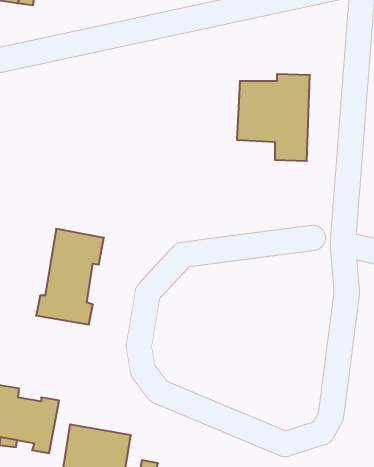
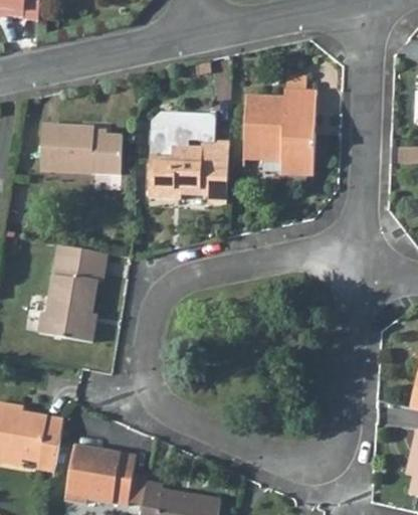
building: none -> [149,115,229,204]
building: none -> [43,126,124,174]

